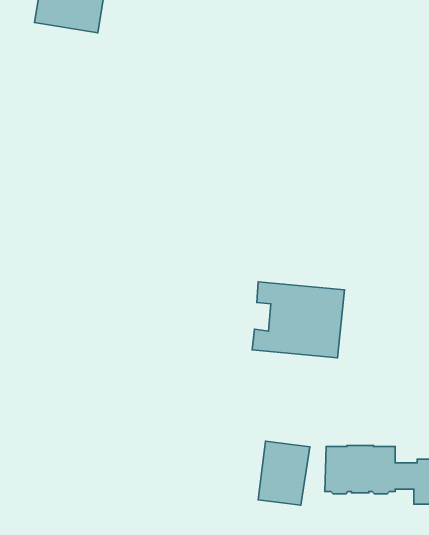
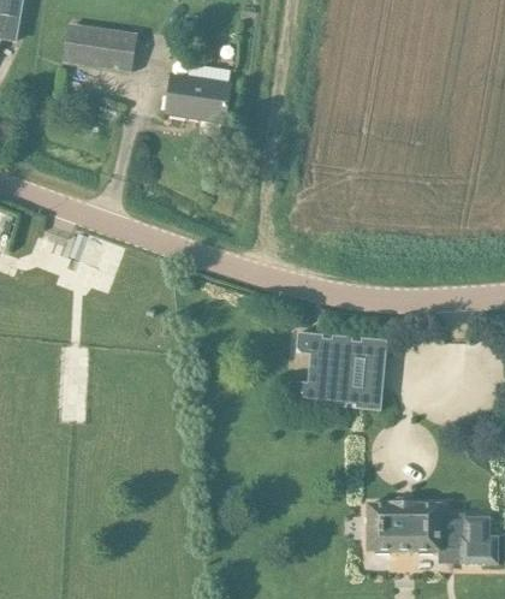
building: none -> [166,75,230,121]
building: [258,441,310,505] -> none

